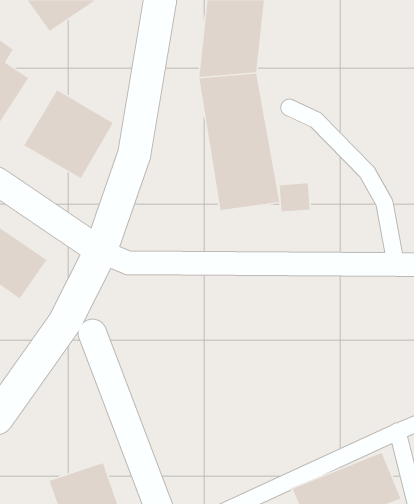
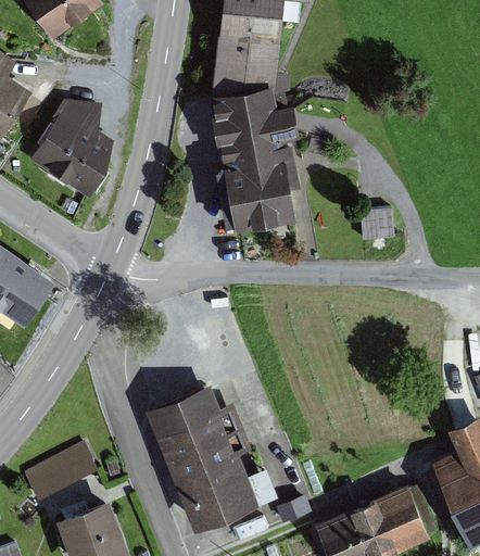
building: [279,183,310,212] -> [359,211,393,242]
building: none -> [146,381,256,532]
building: none -> [25,443,101,503]

